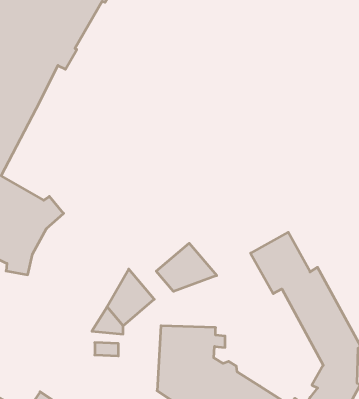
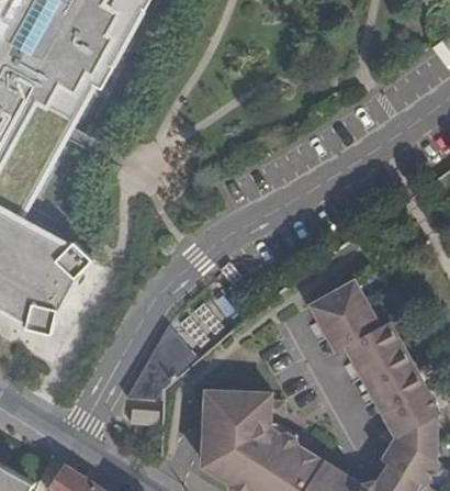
building: [156,243,217,291] -> none

